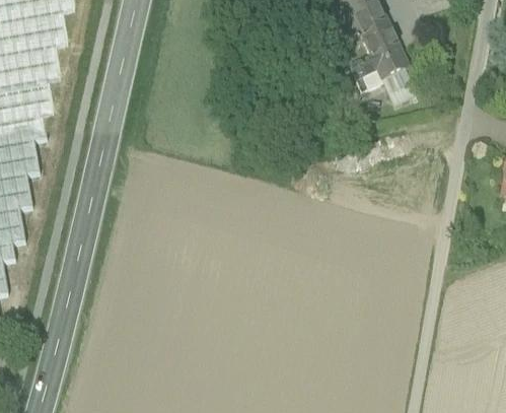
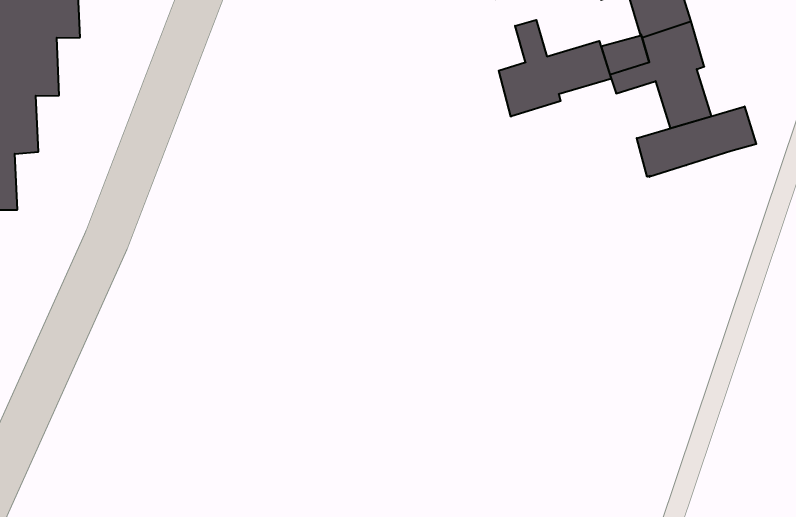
building: none -> [499,20,611,117]
building: none -> [637,106,756,177]

